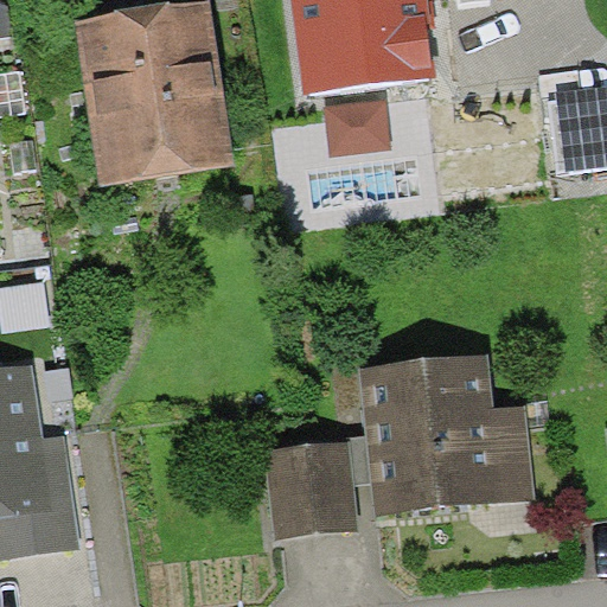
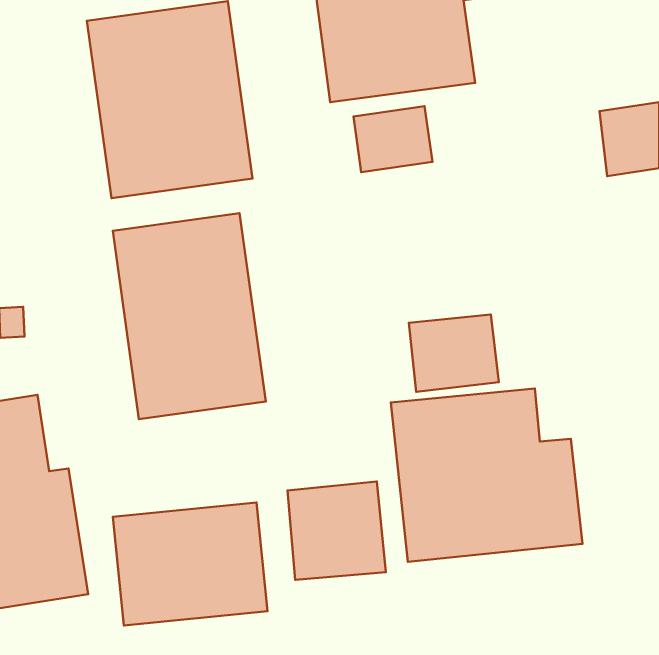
building: none -> [113,213,266,419]
building: none -> [409,315,499,392]
building: none -> [113,502,267,625]

